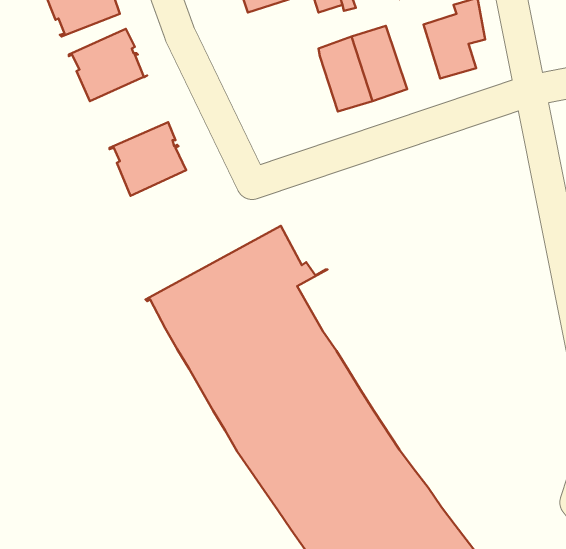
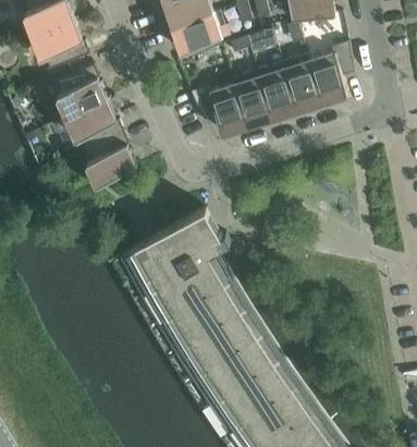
building: none -> [282,55,321,108]
building: none -> [191,84,247,132]
building: none -> [68,98,124,150]

